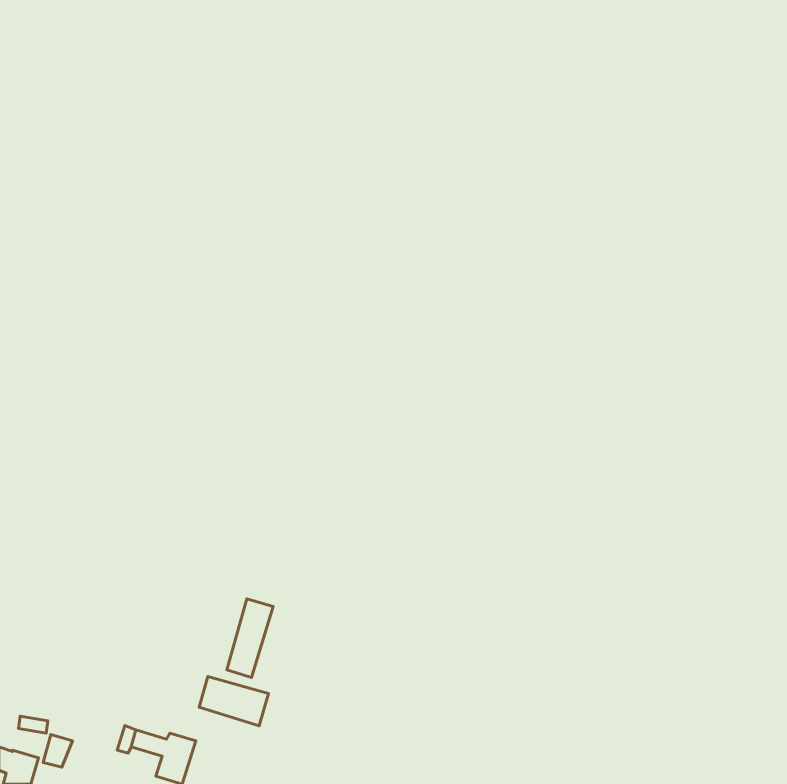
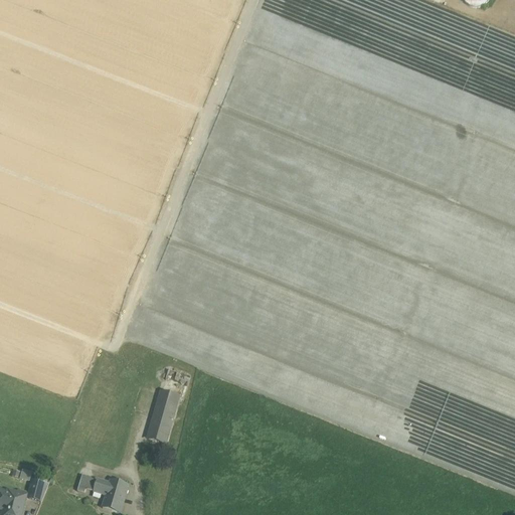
building: [199,676,269,726] -> none

